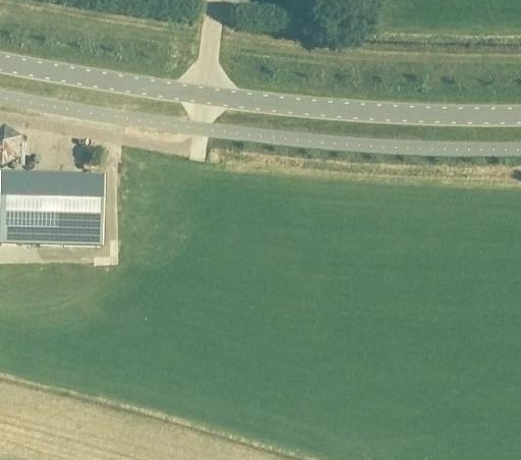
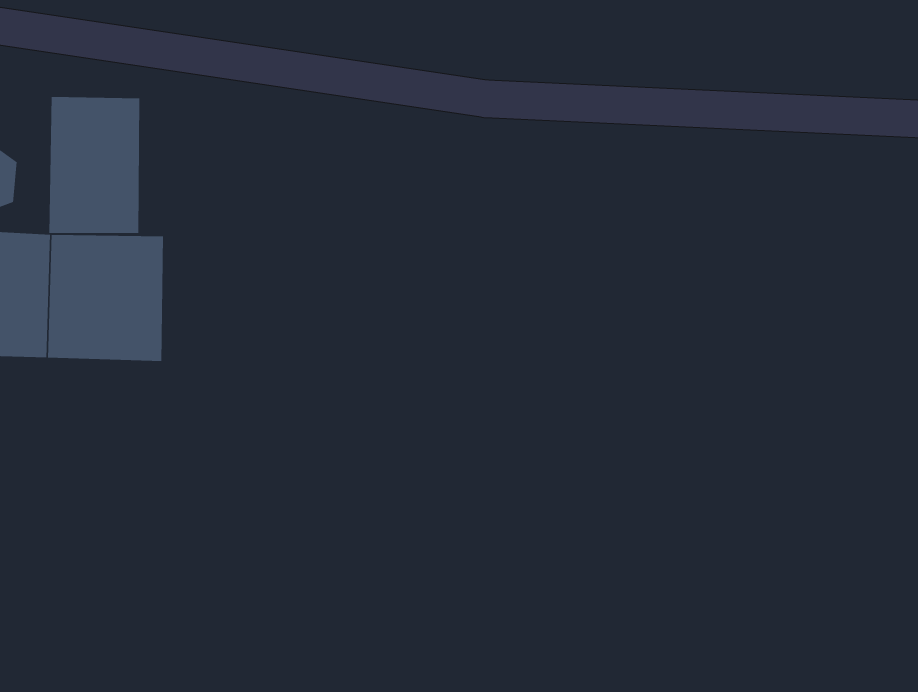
building: none -> [48,96,140,234]

